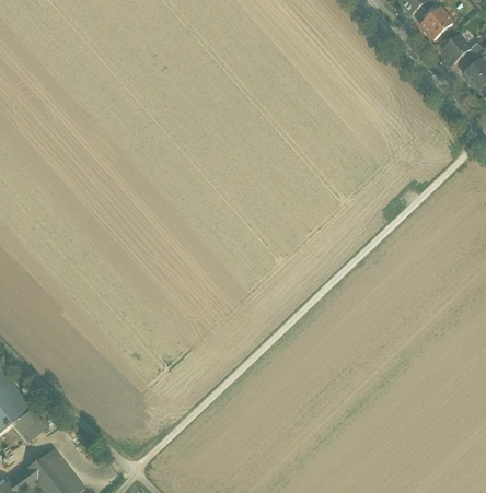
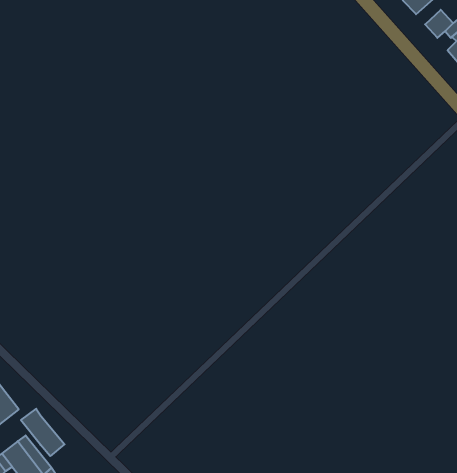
building: none -> [21,409,65,456]

